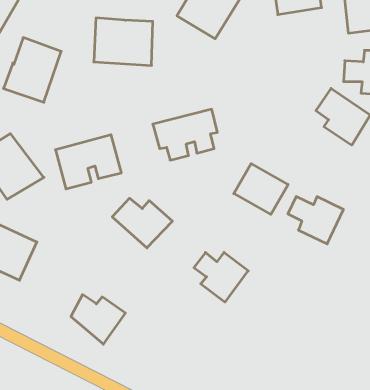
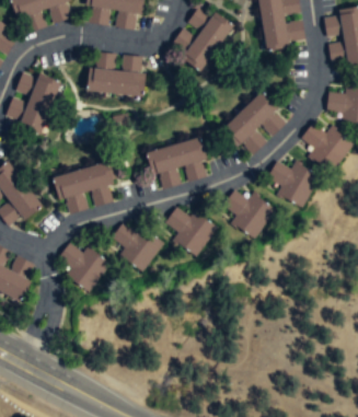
building: none -> [221,90,288,157]
building: [288,197,343,244] -> [267,162,320,207]
building: [194,252,248,302] -> [166,208,218,255]
building: [71,295,125,344] -> [58,243,109,290]

